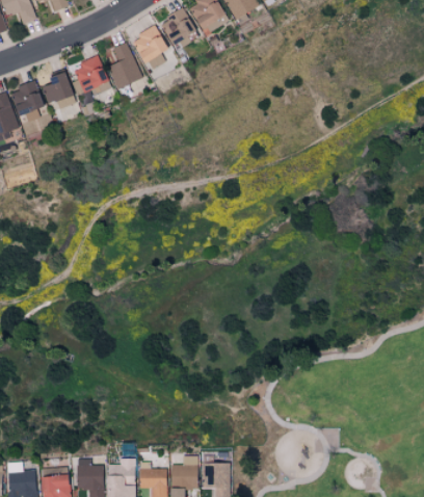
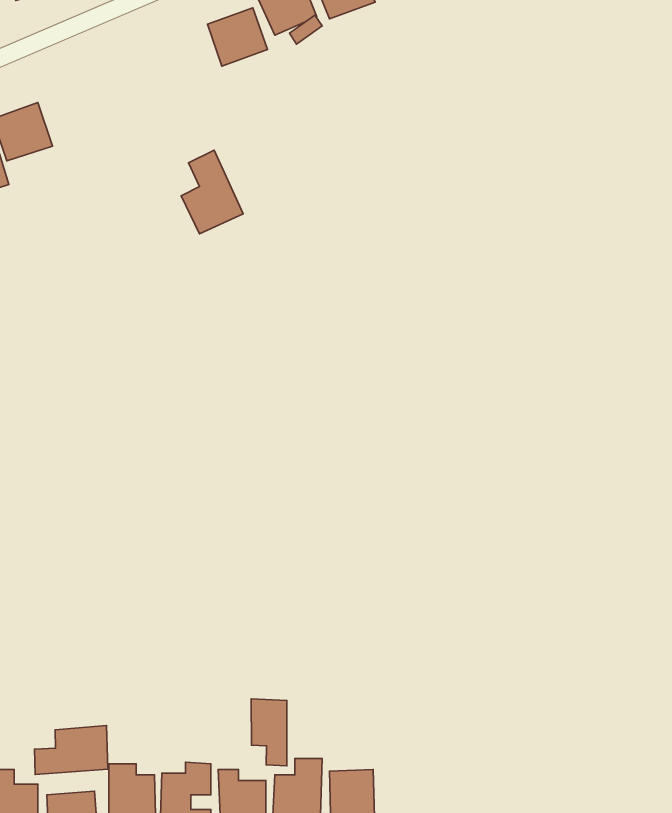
building: [108,41,143,88] -> [181,150,243,234]
building: [73,56,111,93] -> none
building: [43,71,75,107] -> none
building: none -> [251,699,287,766]
building: none -> [34,725,108,774]

